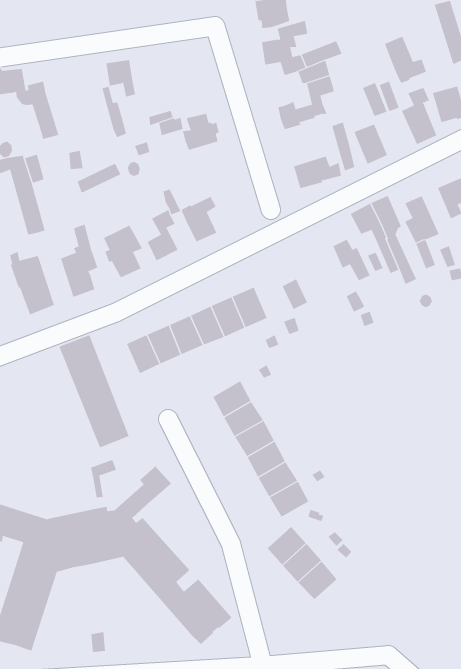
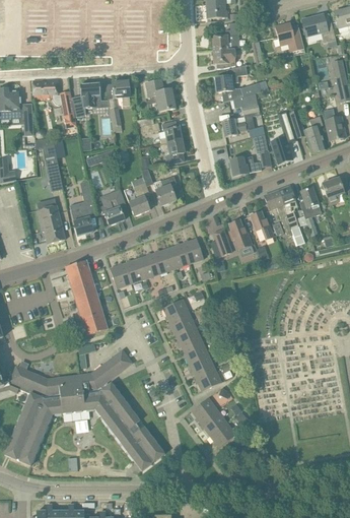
building: [384,36,427,83] -> none
building: none -> [146,79,176,111]
building: none -> [72,83,100,117]
building: none -> [160,140,186,164]
building: none -> [228,219,253,250]

